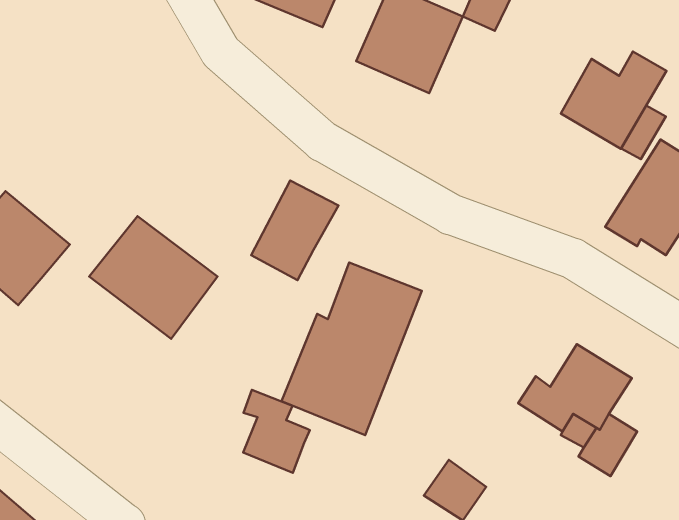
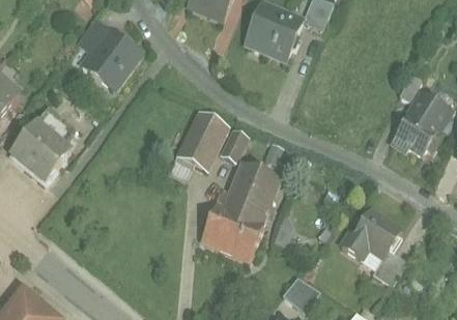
building: [561,52,666,149] -> none
building: none -> [219,128,250,164]
building: [89,216,217,339] -> [67,19,142,90]
building: [243,390,310,473] -> none

